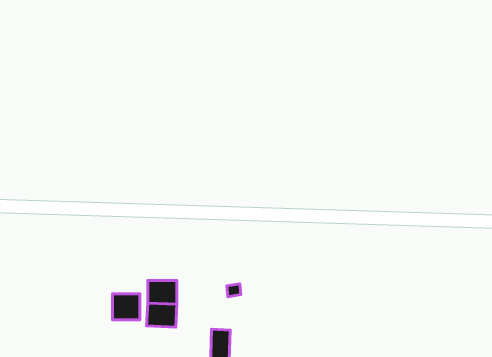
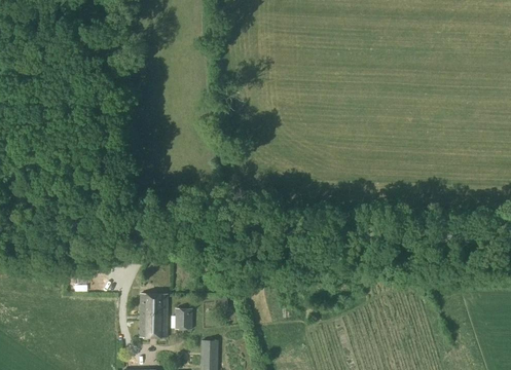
building: [113,294,140,320] -> none
building: none -> [175,308,193,330]

